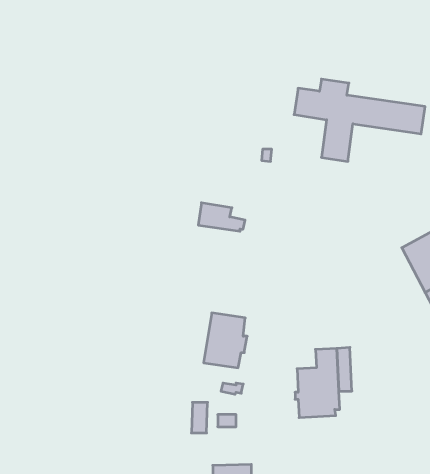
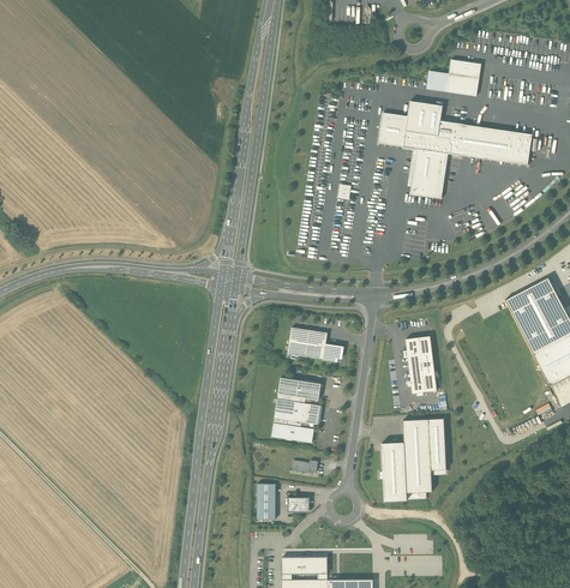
building: none -> [427,59,481,96]
building: [198,203,245,231] -> [288,326,343,360]
building: none -> [403,335,437,392]

